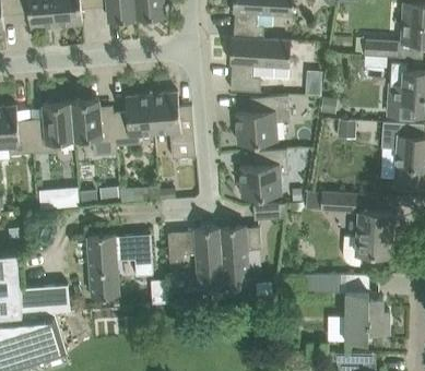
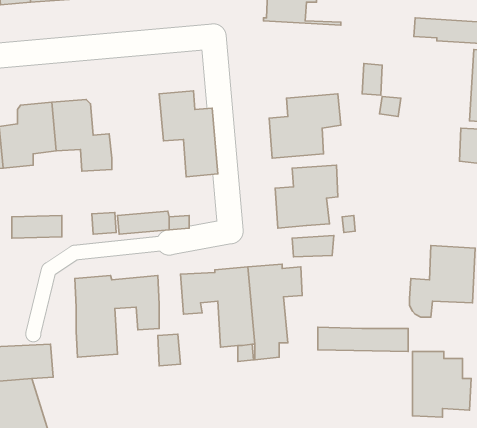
building: [228,40,290,93] -> none
building: [111,96,154,145] -> none
building: [304,191,355,213] -> none

